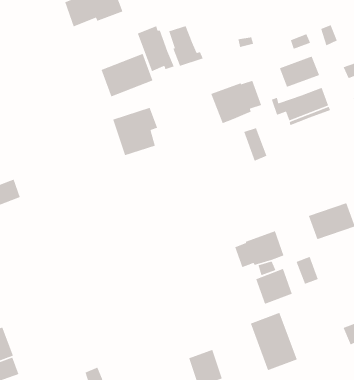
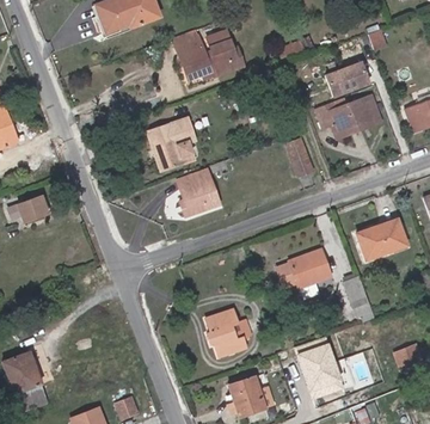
building: [100,53,153,98] -> none
building: [210,80,262,124] -> none
building: none -> [178,171,217,214]
building: [255,268,293,305] -> none
building: none -> [205,309,246,356]

